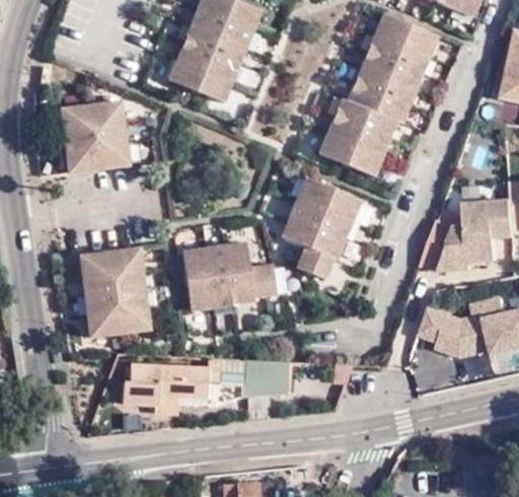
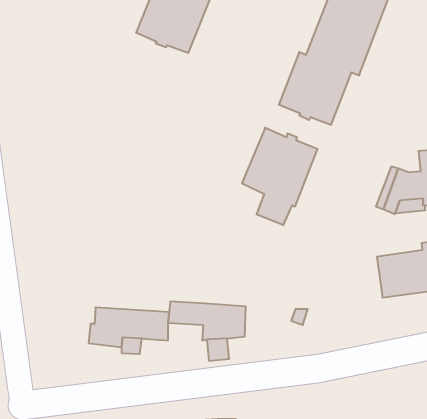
building: [62,101,128,171] -> none
building: [182,242,276,309] -> none
building: [80,247,148,335] -> none

